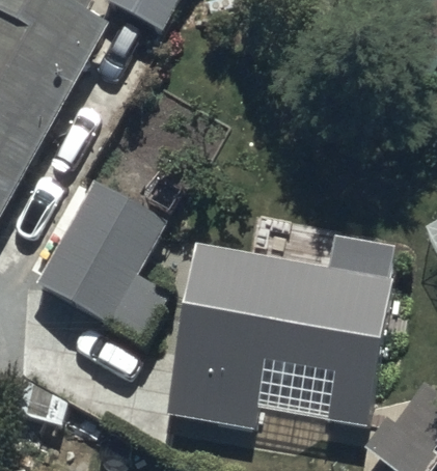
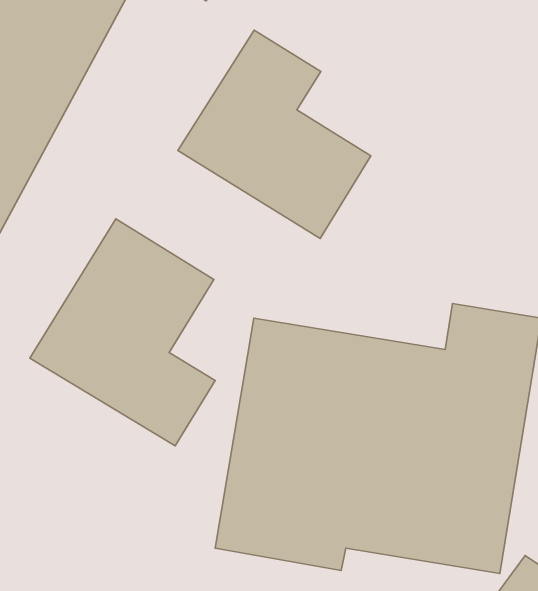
building: none -> [178,30,371,238]

